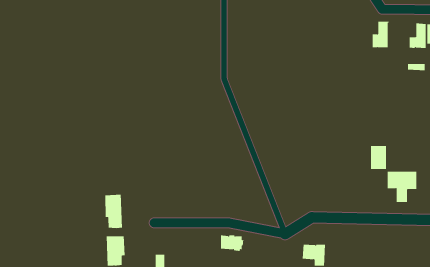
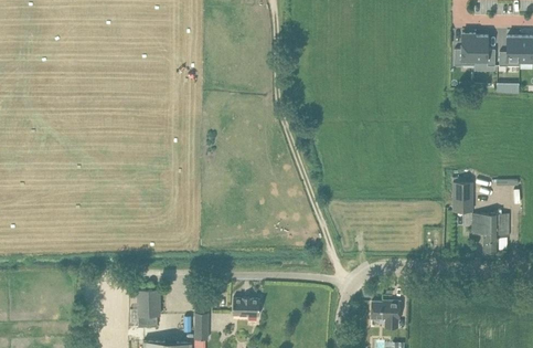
building: none -> [475,36,494,66]
building: [105,194,122,230] -> none
building: [220,235,244,252] -> [233,298,262,318]

